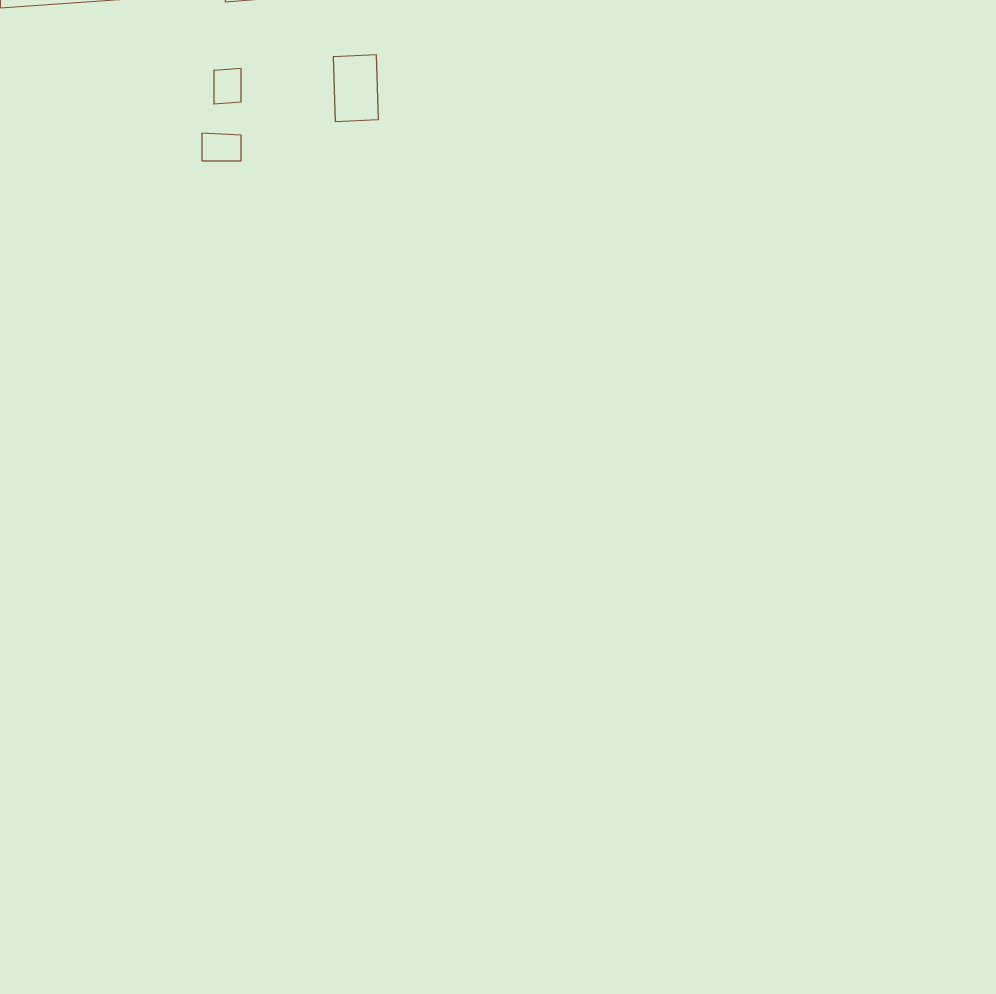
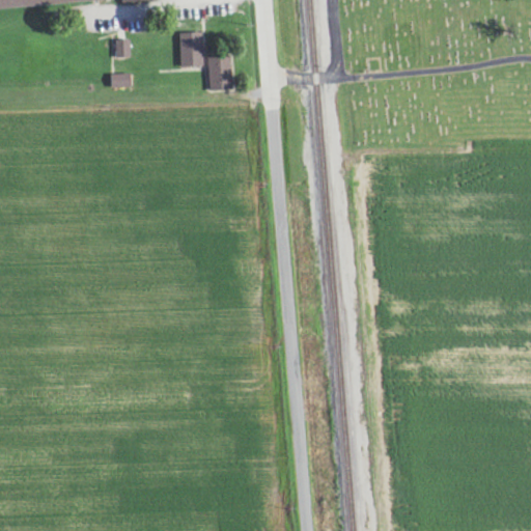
building: none -> [208,54,230,88]

